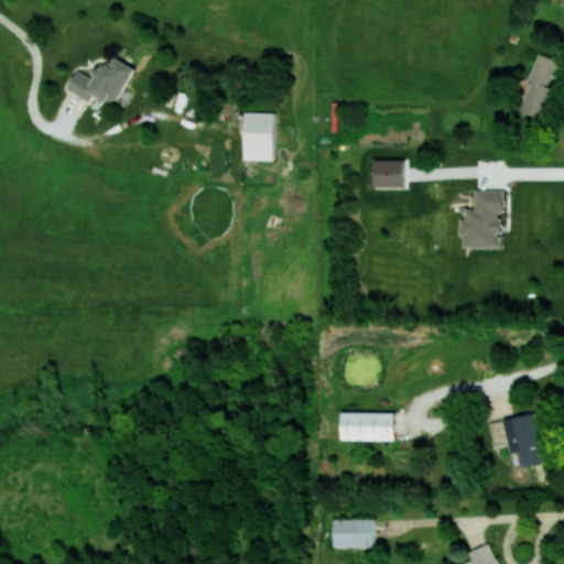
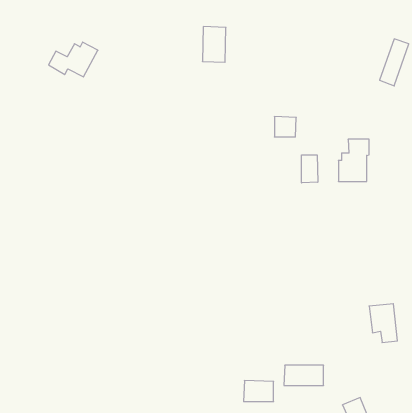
building: [241,112,273,161] -> [202,27,226,62]
building: none -> [302,155,318,183]
building: [339,413,393,441] -> [284,365,324,385]

